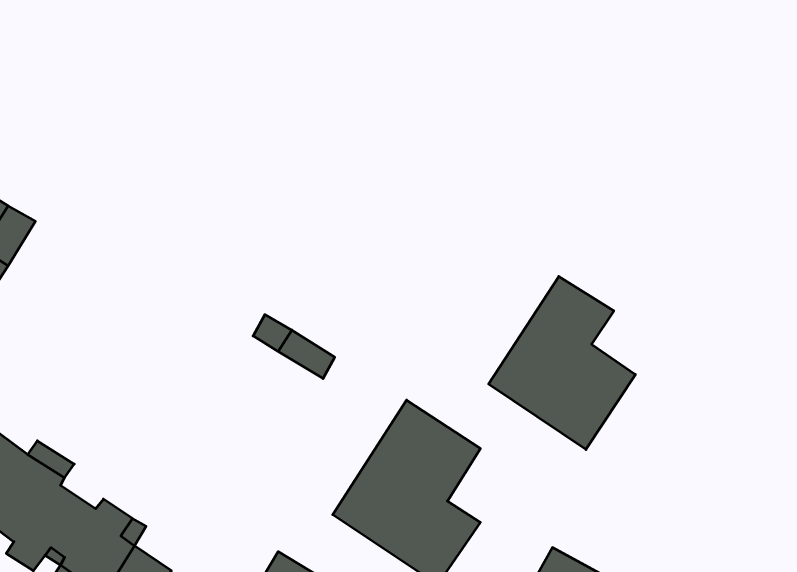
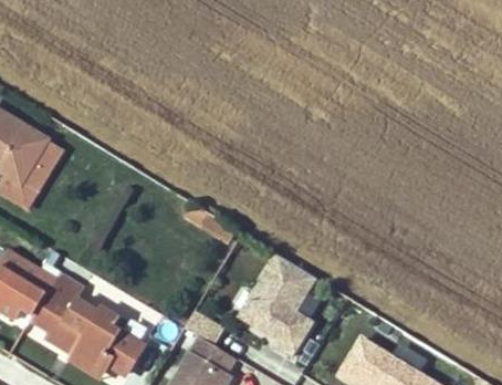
building: [489,276,635,450] -> none

